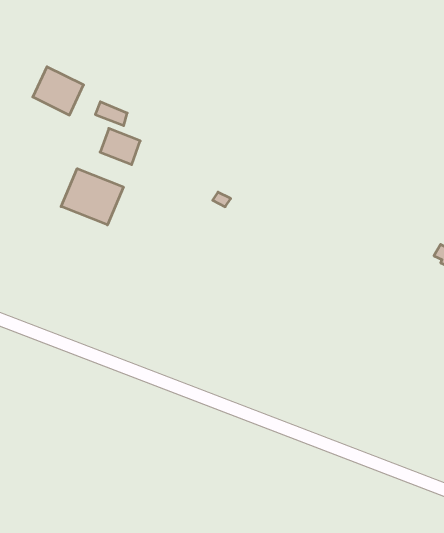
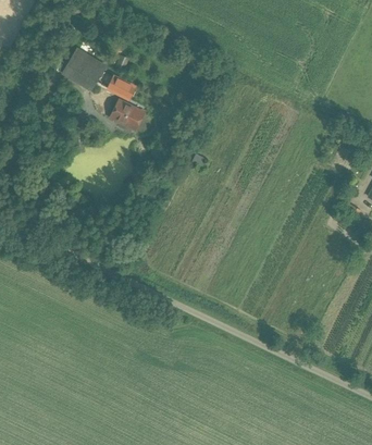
building: [61,169,123,225] -> none

